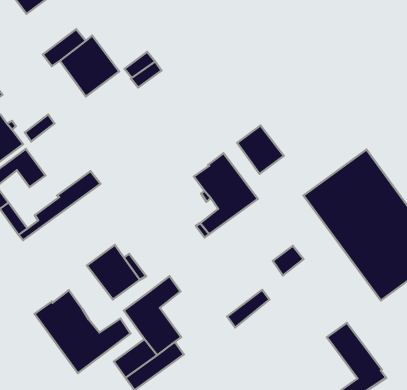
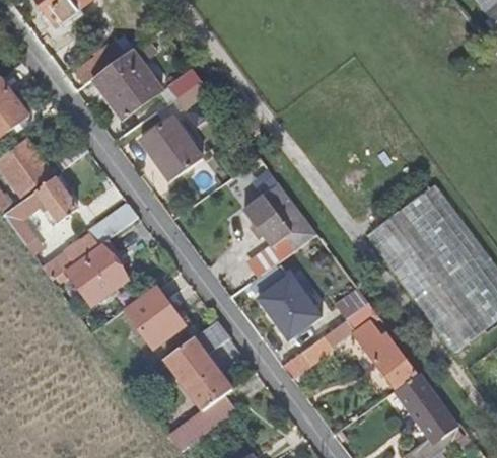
building: none -> [140,117,204,182]
building: [237,125,284,174] -> none
building: none -> [67,242,127,305]
building: none -> [258,275,320,339]
building: none -> [353,321,415,388]
building: [34,290,130,373] -> none

